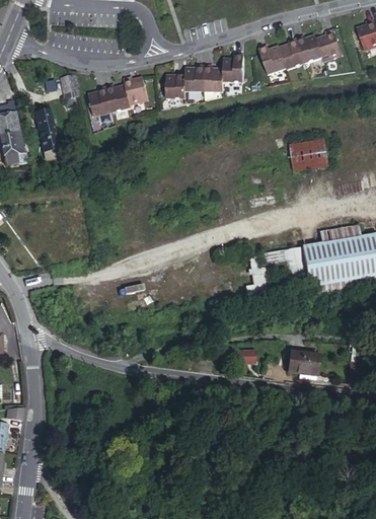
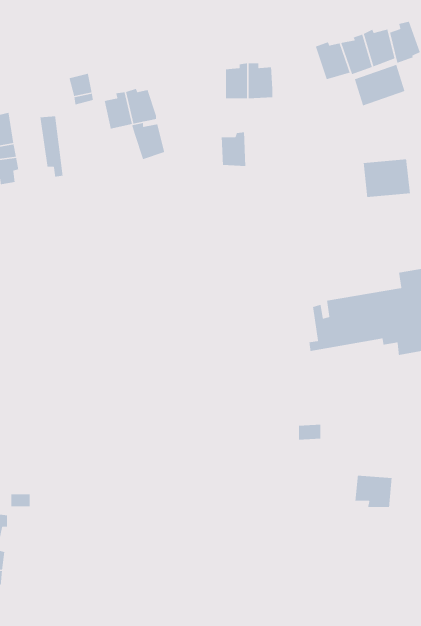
building: [221,54,243,83] -> none
building: none -> [354,64,406,107]
building: [163,70,183,98] -> [221,131,246,167]
building: [120,74,147,104] -> [131,122,165,160]
building: [292,353,322,379] -> [355,475,393,508]

